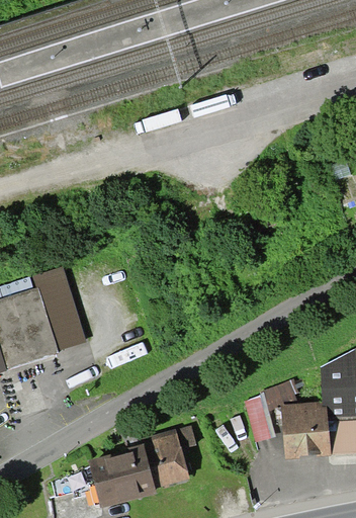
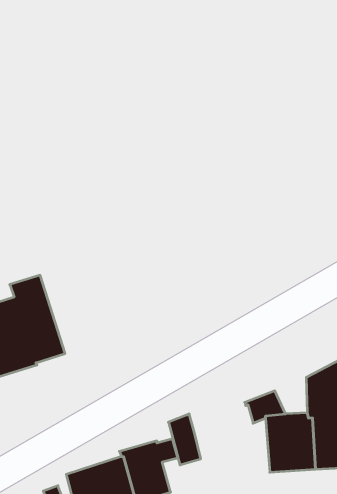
building: [244,393,275,442] -> [168,414,201,465]

